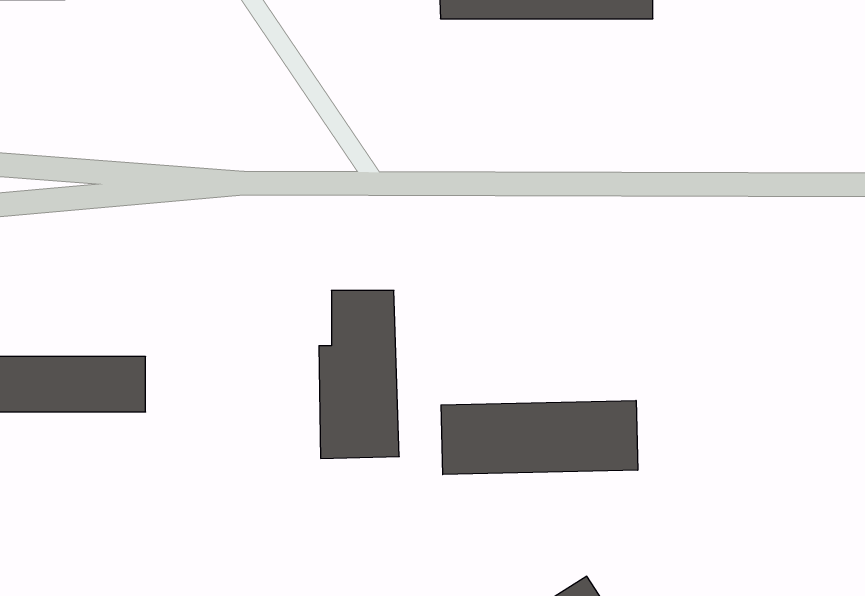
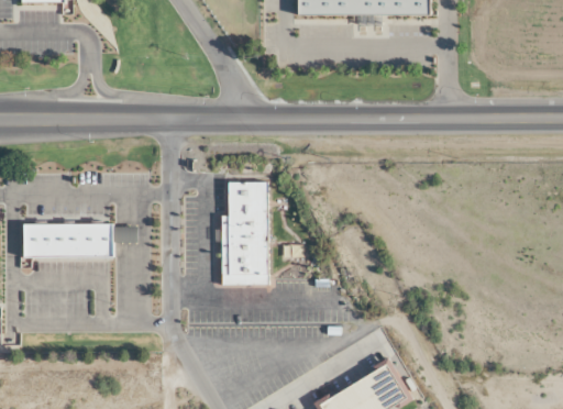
building: [441,400,638,475] -> none

